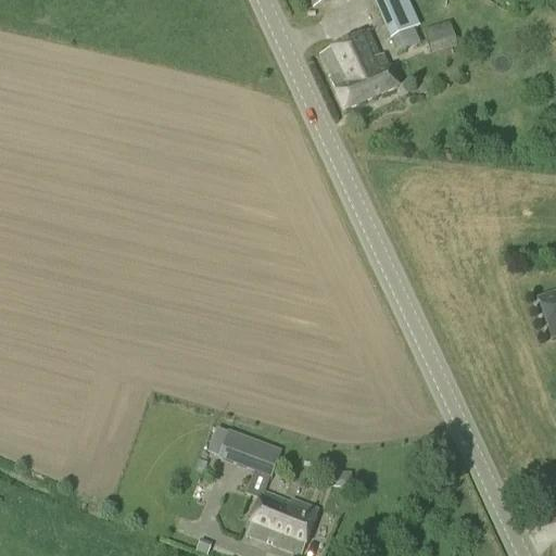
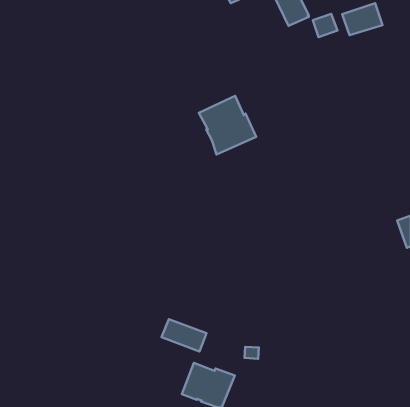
building: none -> [342,3,383,35]
building: [319,29,396,109] -> [199,96,256,155]

